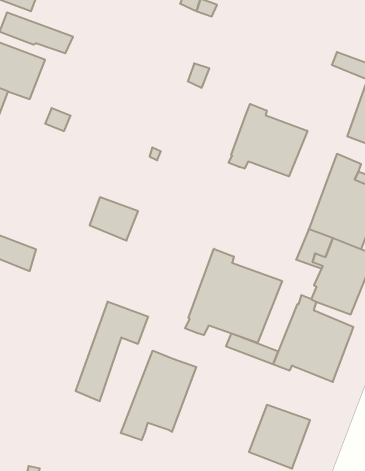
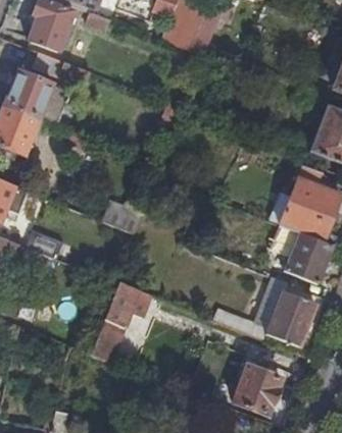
building: [229,104,307,176] -> none
building: [185,249,282,343] -> none
building: [121,351,196,440] -> none

